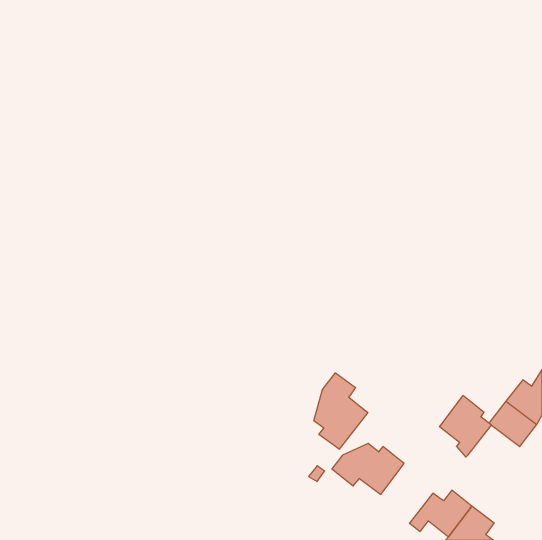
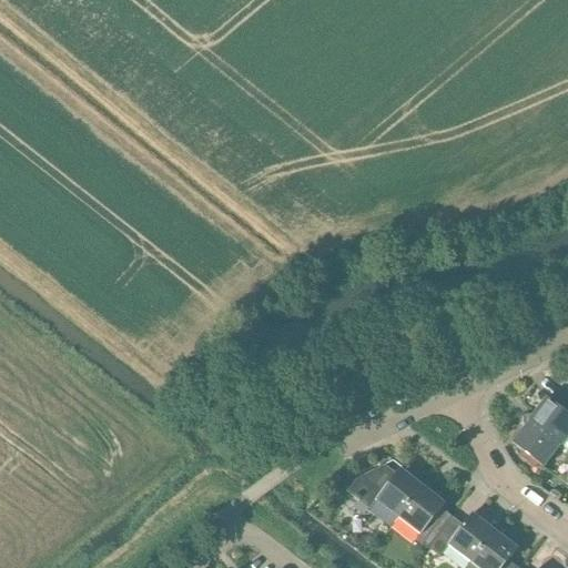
building: [314,373,368,449] -> none
building: [439,396,491,457] -> [398,485,453,549]

